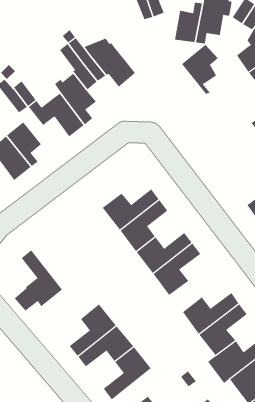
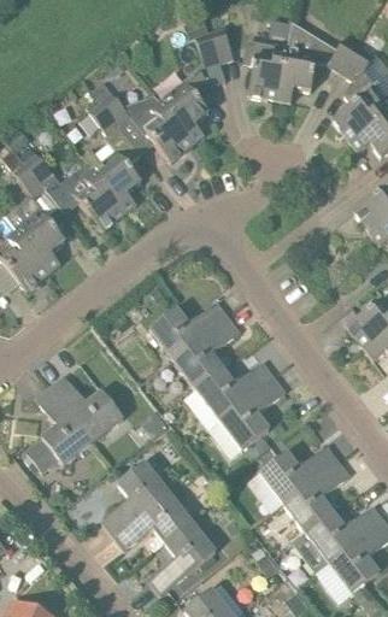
building: [181,44,219,95] -> [161,71,213,141]
building: none -> [51,375,124,441]

